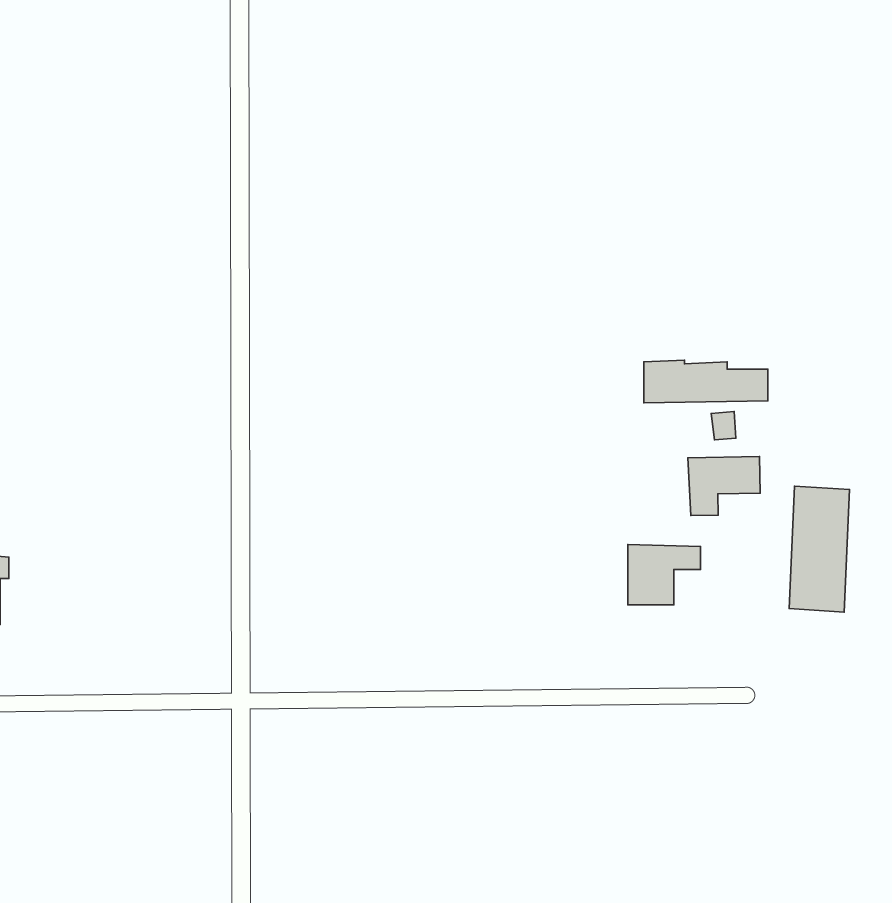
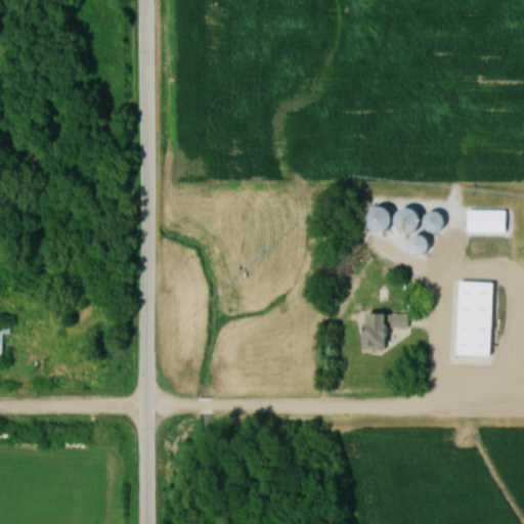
building: none -> [466,210,504,229]
building: [688,457,760,515] -> none

